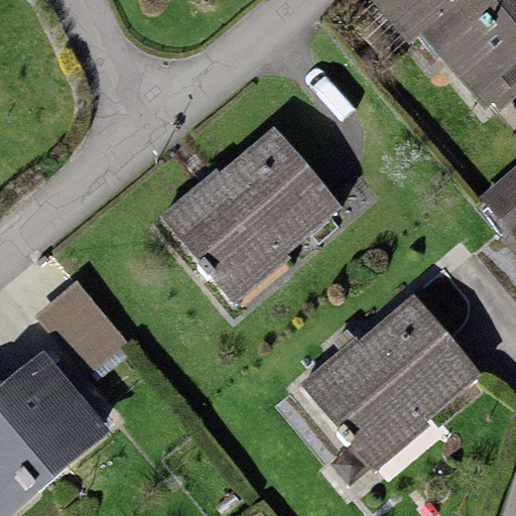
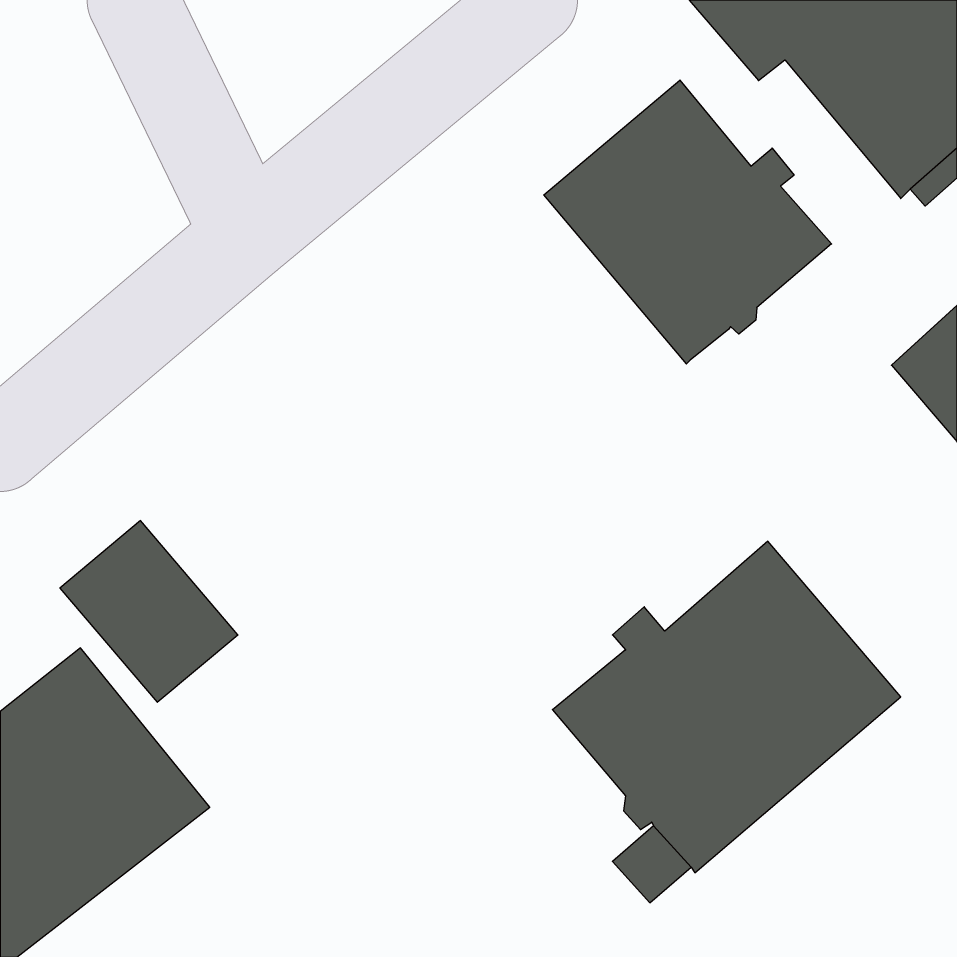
building: none -> [544,80,832,364]
building: [160,126,343,299] -> none

